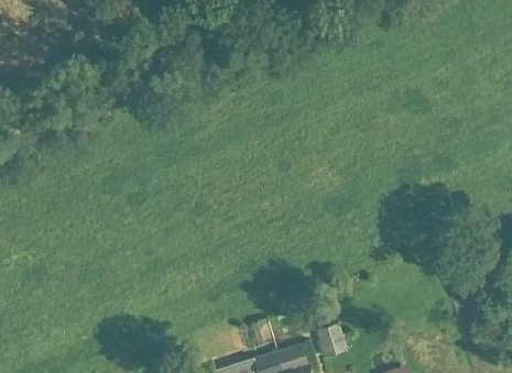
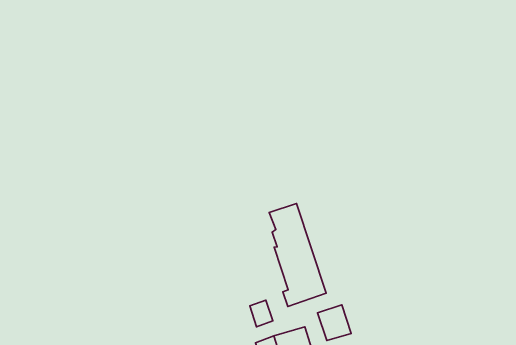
building: none -> [269,204,326,307]

